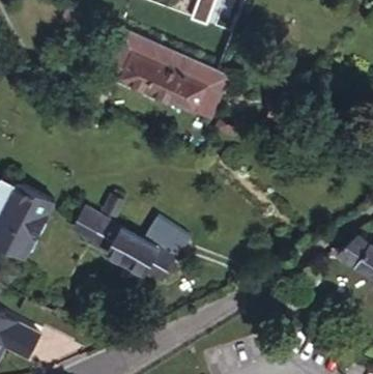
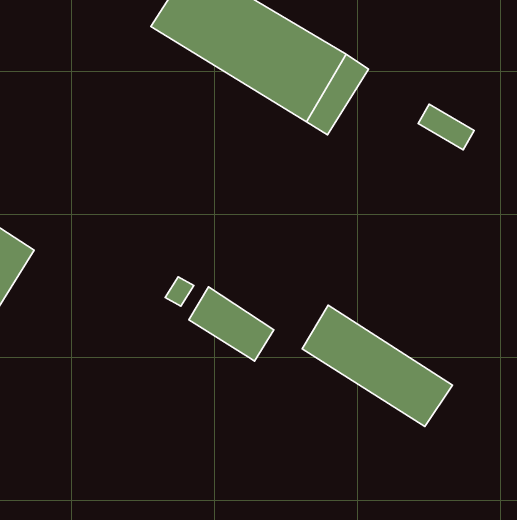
building: [89,220,176,283] -> [302,305,453,426]

